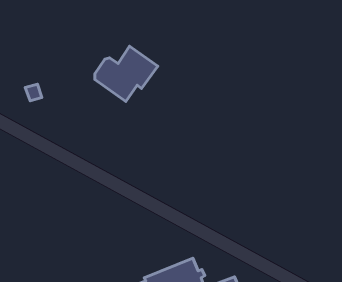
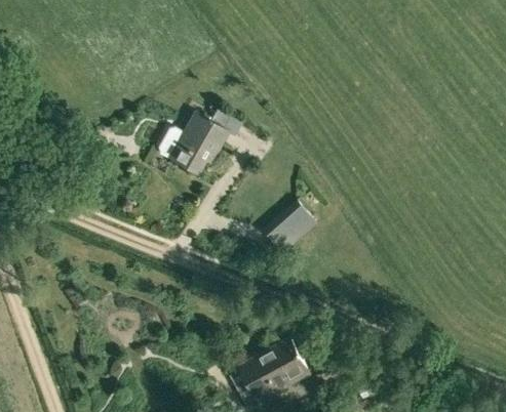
building: none -> [264,201,319,252]

